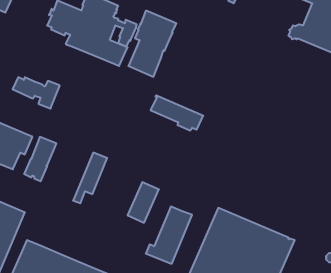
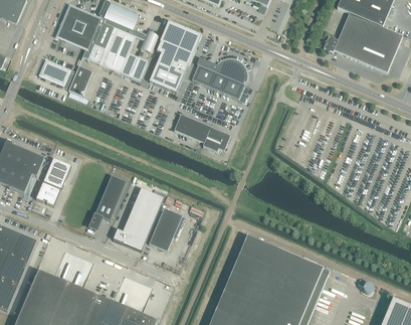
building: none -> [191,56,246,100]
building: [13,77,60,109] -> [40,61,91,96]
building: [146,207,192,264] -> [113,188,163,251]

